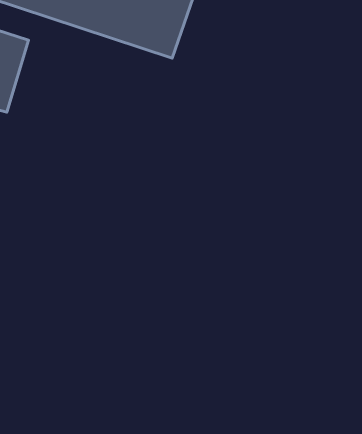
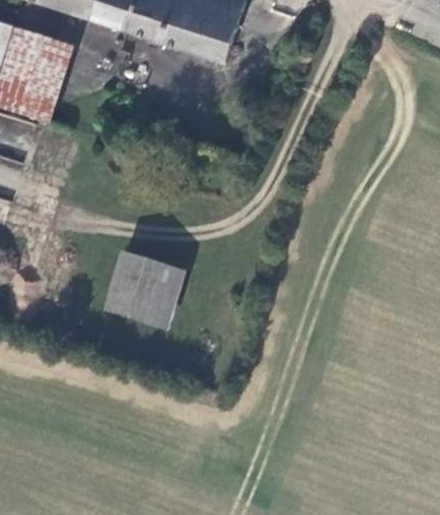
building: none -> [101,250,184,328]

